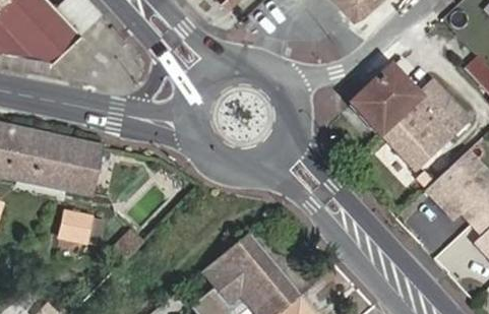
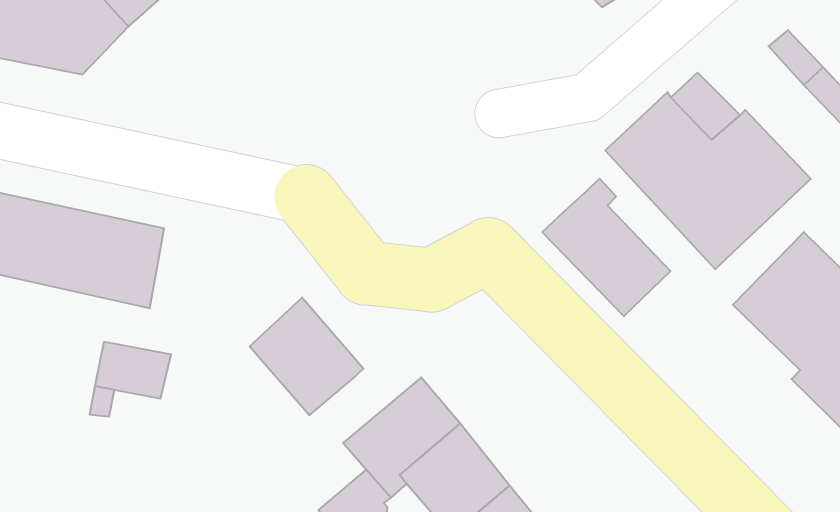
building: none -> [542,179,671,316]
building: none -> [250,297,364,415]

